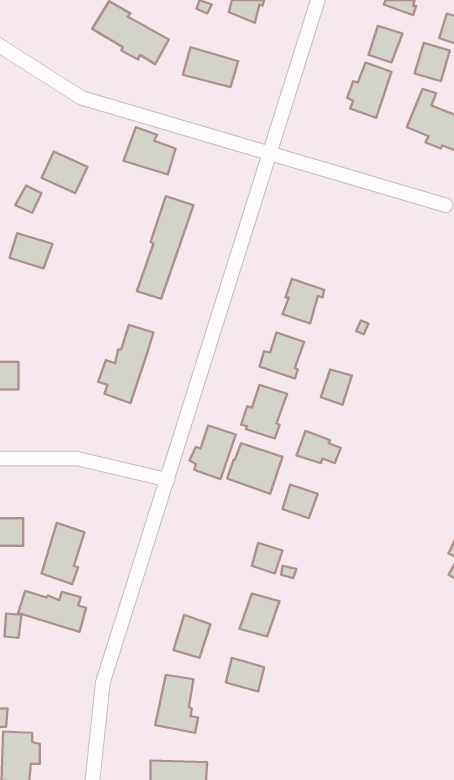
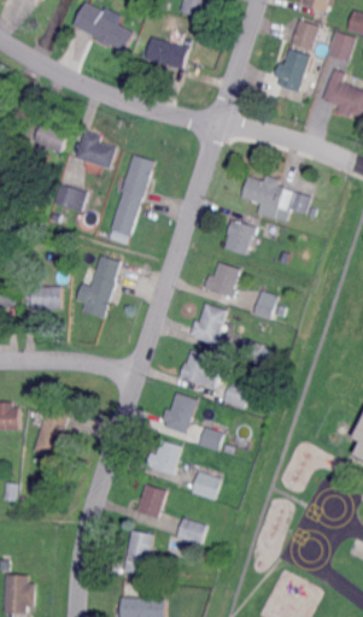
building: [123,127,176,175] -> [76,130,117,168]
building: none -> [239,174,308,221]
building: [10,233,53,268] -> [54,183,88,211]
building: none -> [31,283,62,308]
building: [190,425,236,479] -> [162,392,198,434]
building: none -> [145,440,180,476]
building: [18,591,86,632] -> none

